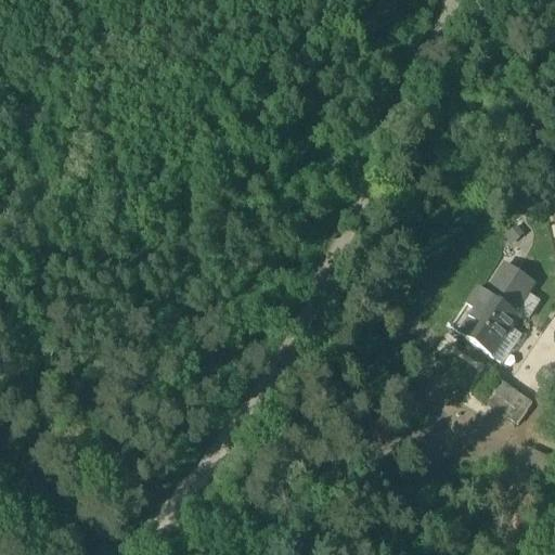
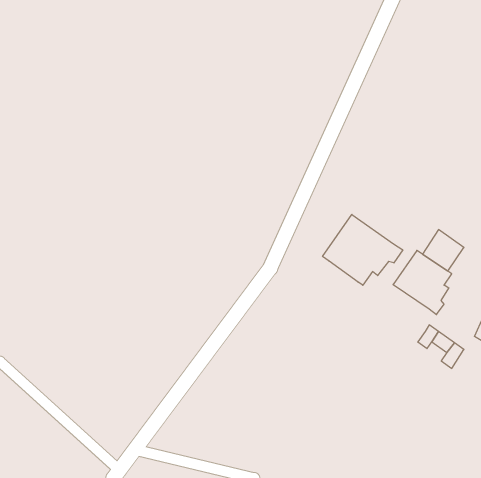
building: none -> [323,214,403,285]

